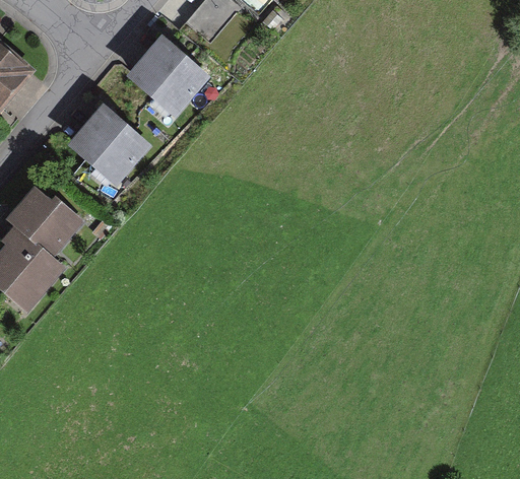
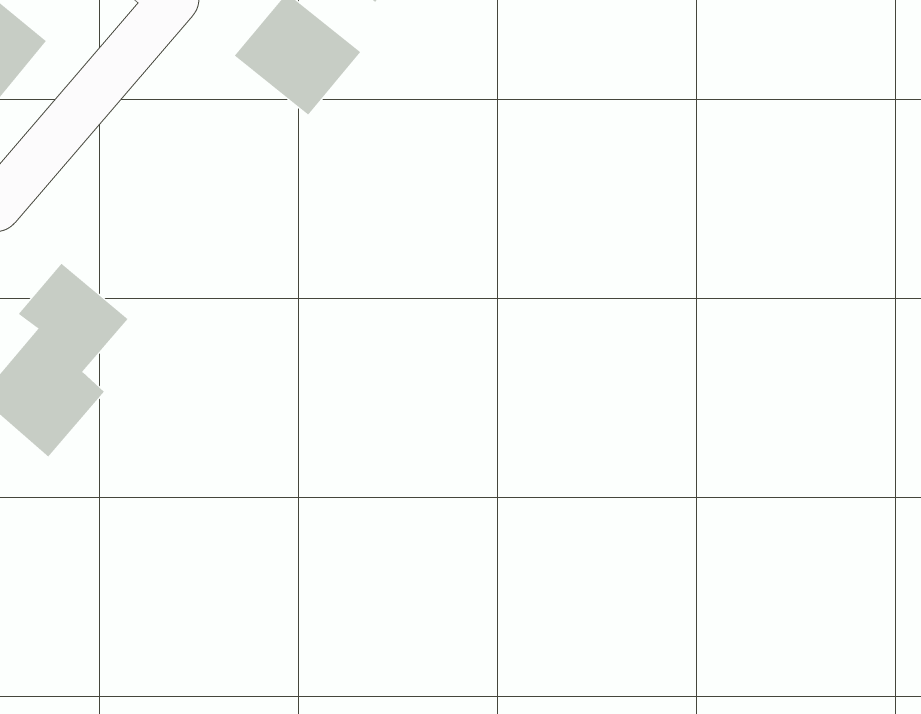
building: [75,110,142,175] -> none

